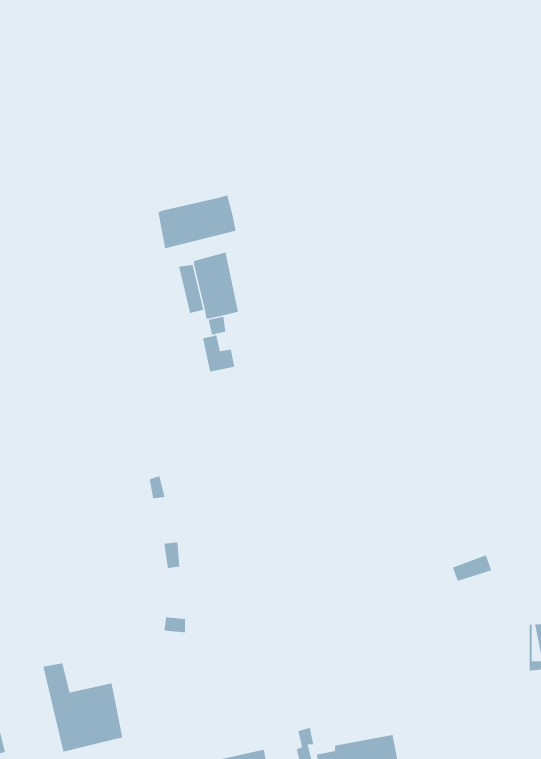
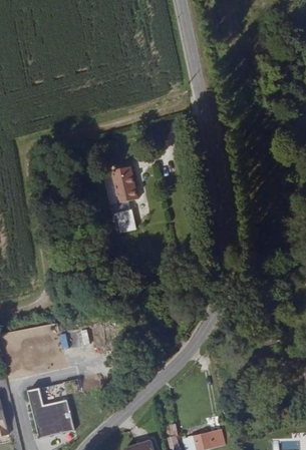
building: [158,195,237,249] -> none

